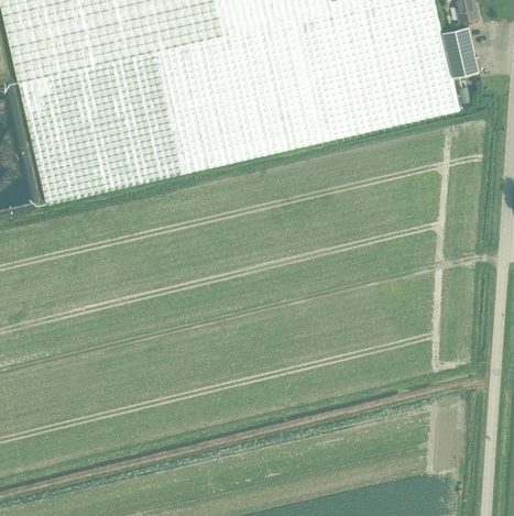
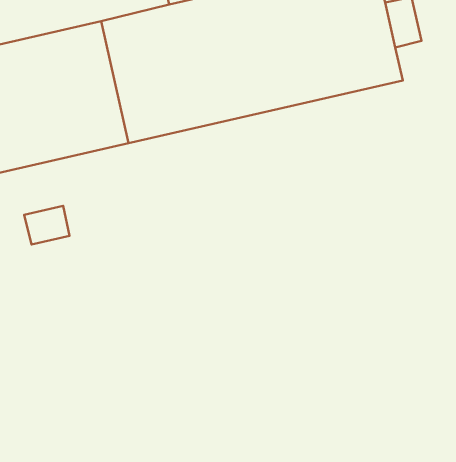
building: none -> [24,206,70,245]

